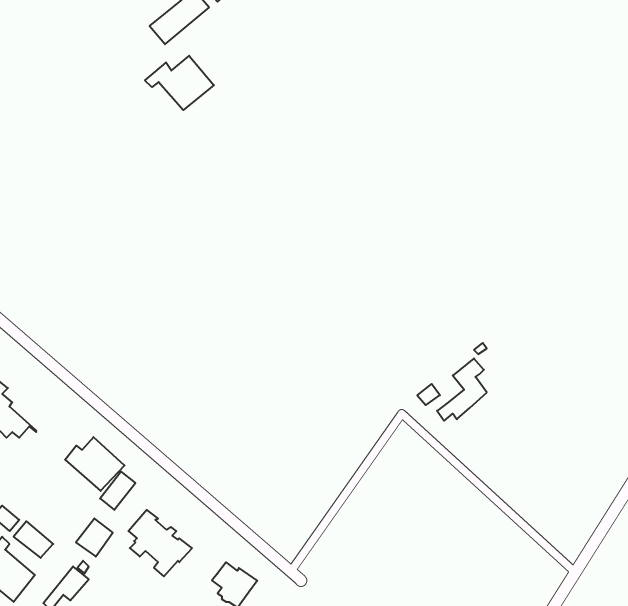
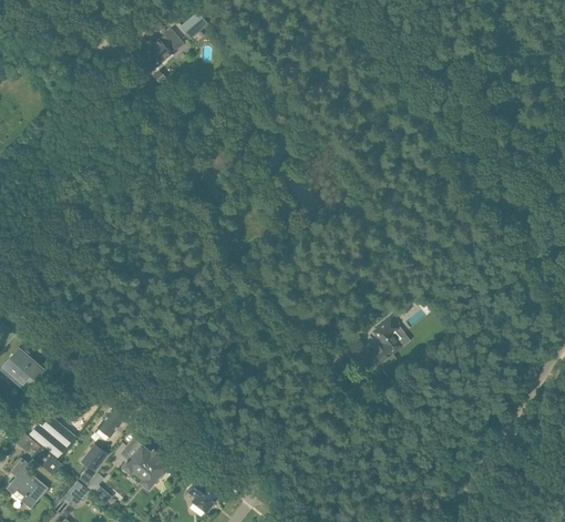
building: [145,56,214,110] -> none
building: [65,437,125,491] -> [30,414,76,457]

